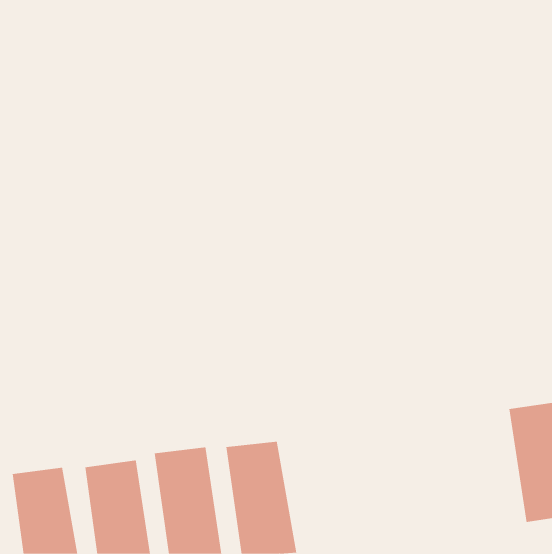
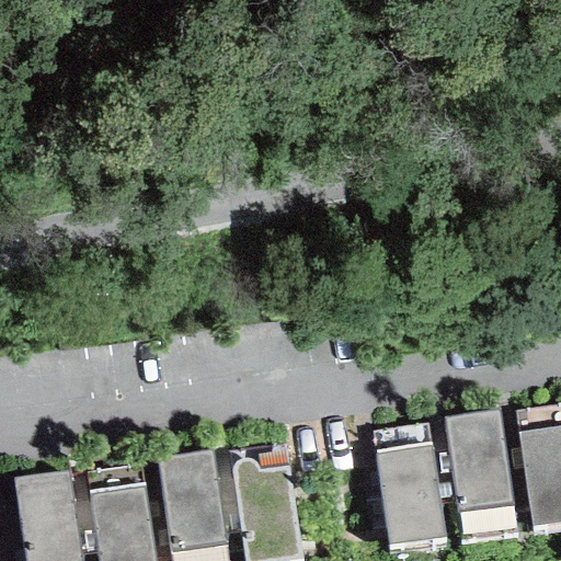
building: none -> [446,413,516,540]
building: none -> [374,424,447,545]

